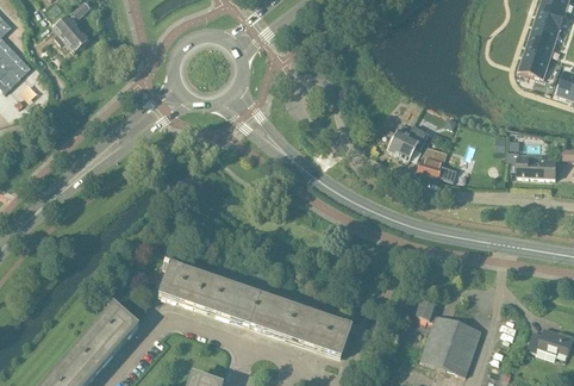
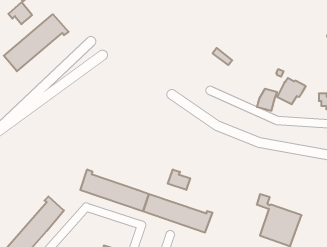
building: none -> [4,14,69,71]
building: [387,119,429,157] -> [277,78,306,104]
building: none -> [168,169,190,190]

